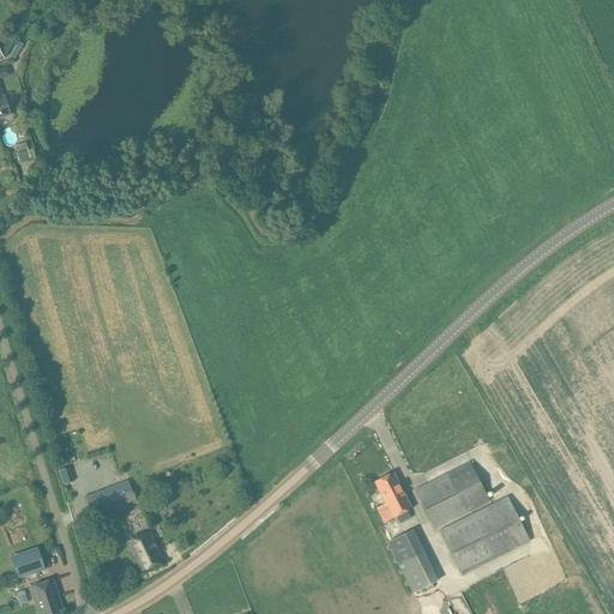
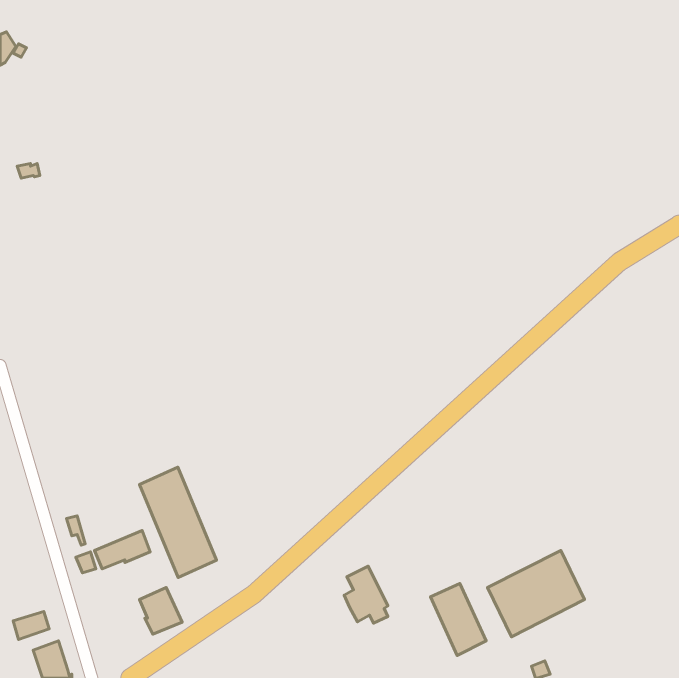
building: none -> [139,467,217,578]
building: [416,460,489,528] -> none
building: [372,471,411,523] -> [344,566,388,623]

